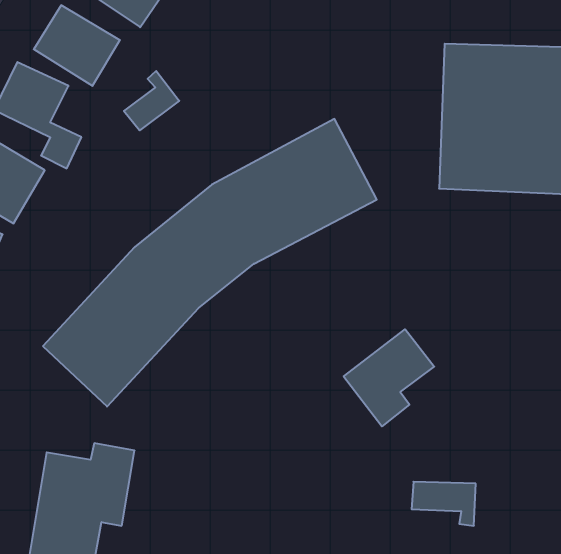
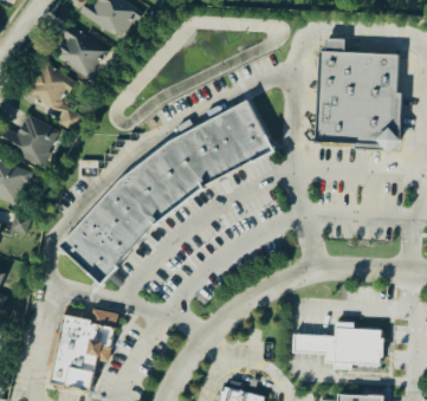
building: [124,71,179,130] -> none
building: [344,329,434,426] -> none
building: none -> [337,319,384,362]

